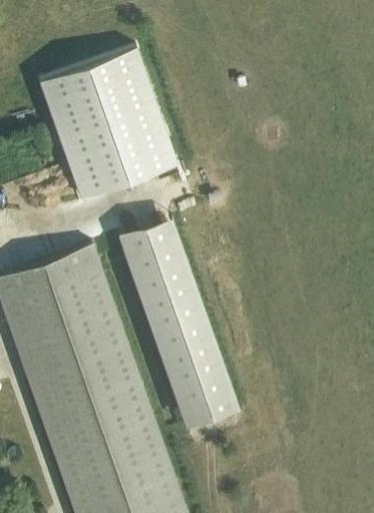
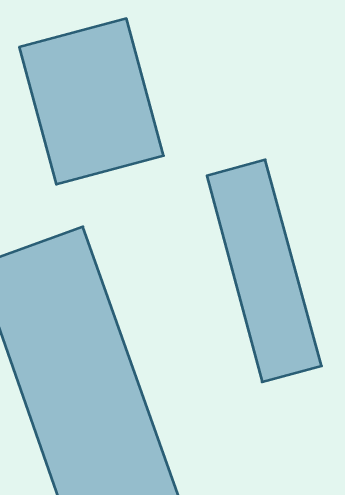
building: [120,221,229,431] -> [207,160,322,382]

